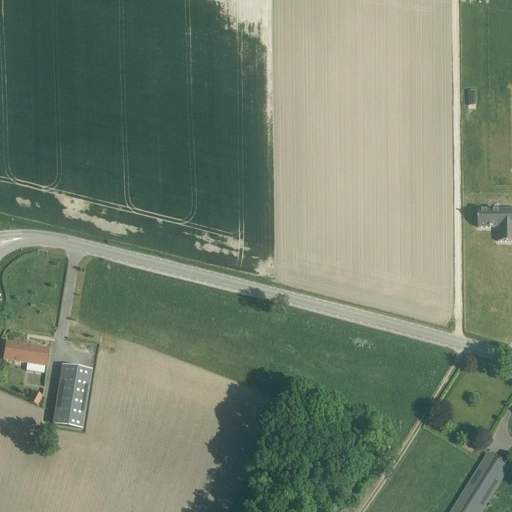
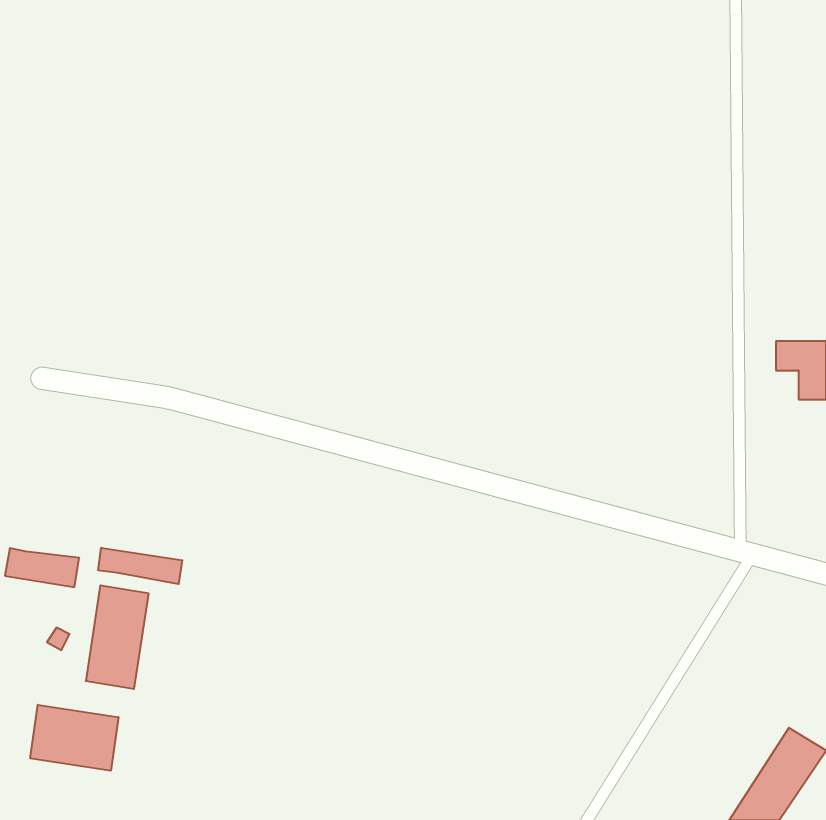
building: none -> [98,548,182,584]
building: none -> [30,705,118,771]

